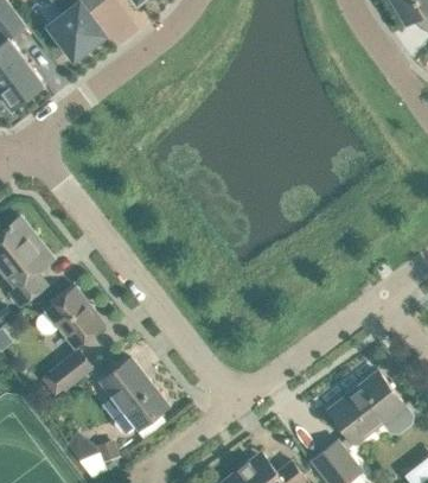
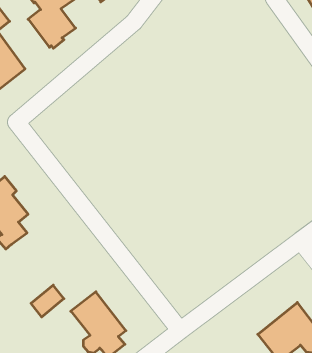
building: [36,286,101,347] -> none

